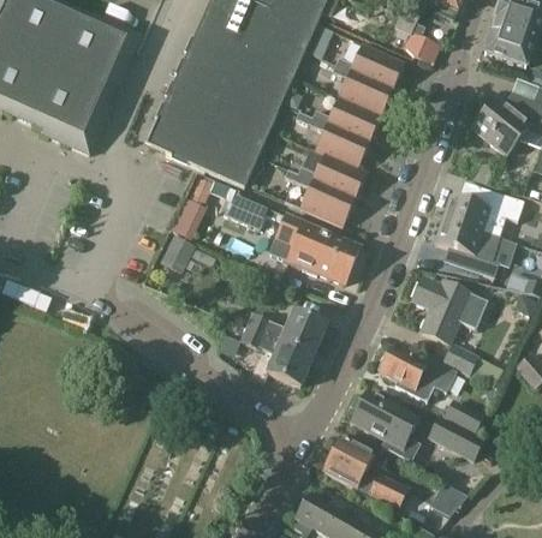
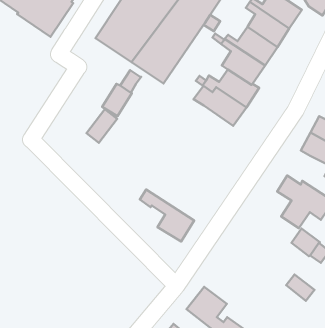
building: [226,193,268,231] -> none
building: [274,216,359,285] -> none
building: [244,311,326,355] -> none
building: [380,348,455,401] -> none
building: [351,391,419,461] -> none
building: [429,419,482,460] -> none

